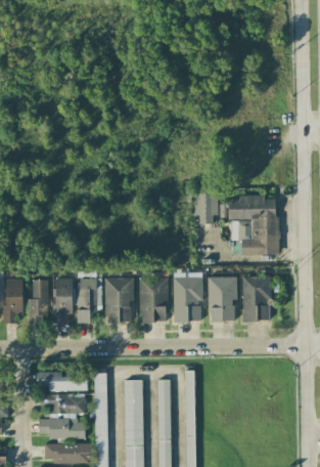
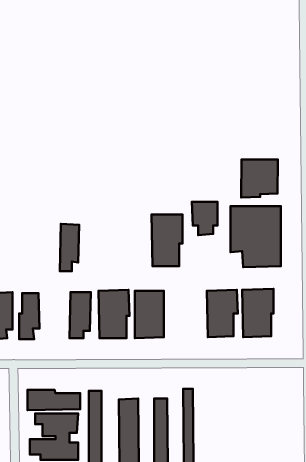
building: none -> [241,160,278,197]
building: [173,272,202,322] -> [151,214,182,266]
building: [54,278,73,323] -> [60,224,79,271]

